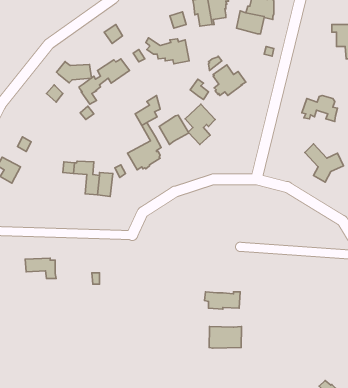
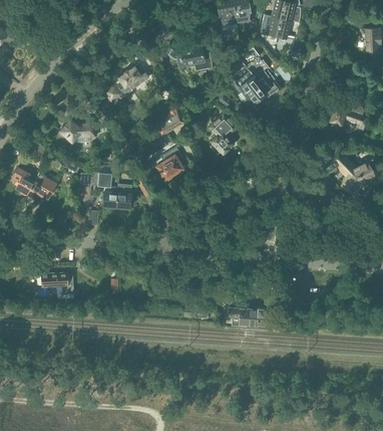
building: [57,62,91,83] -> [60,119,96,141]
building: [159,115,188,144] -> none
building: none -> [28,173,57,200]
building: [209,326,241,348] -> none

